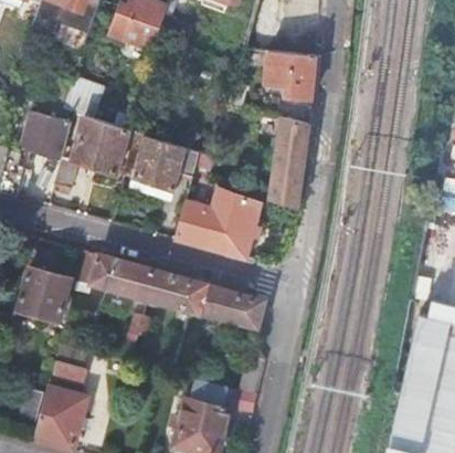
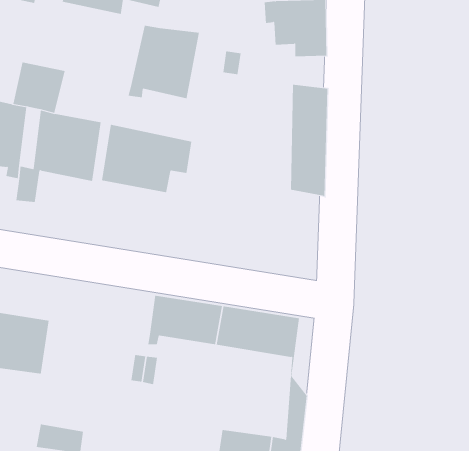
building: none -> [128,25,199,99]
building: [177,188,260,257] -> none
building: [76,250,156,298] -> none

